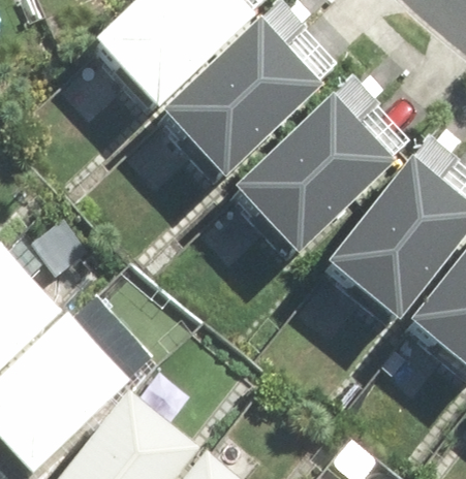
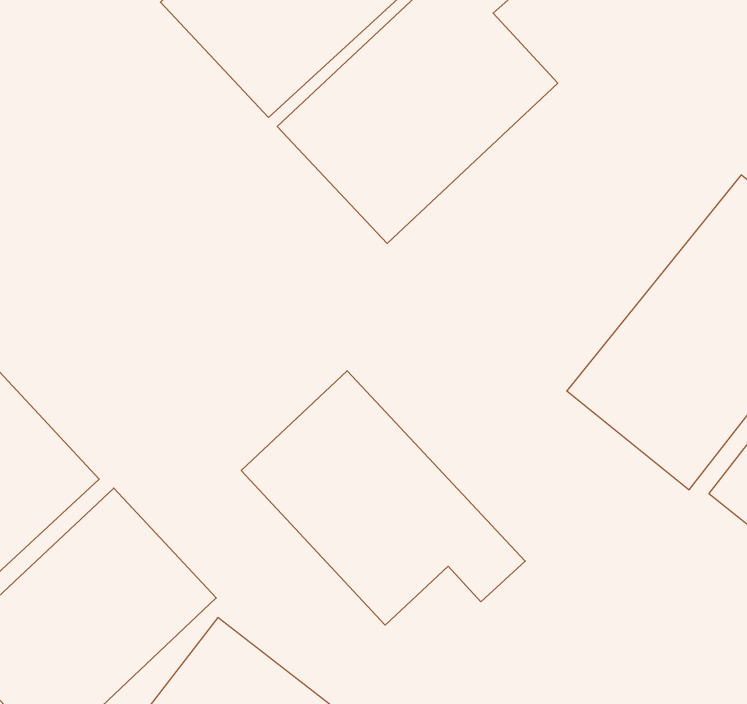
building: [237,77,398,253] -> none
building: none -> [241,371,525,625]

